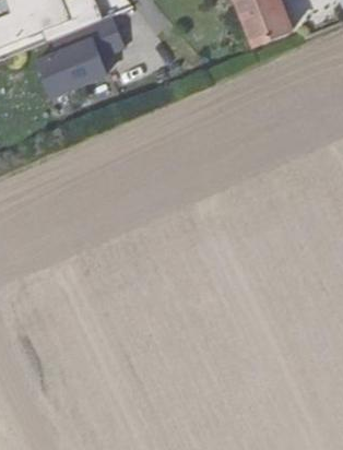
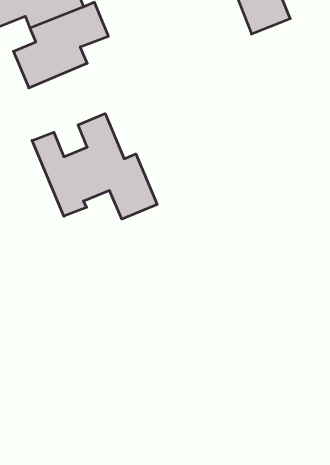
building: none -> [32,114,157,219]

